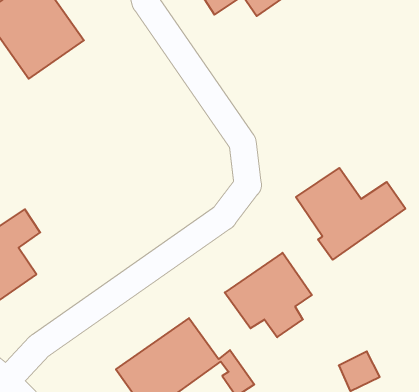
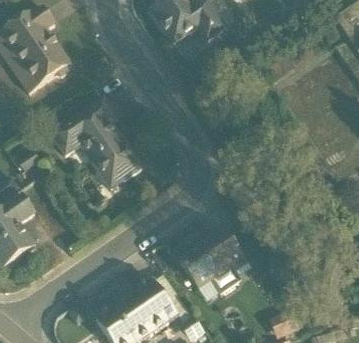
building: none -> [52,96,142,188]
building: [296,168,405,260] -> none

